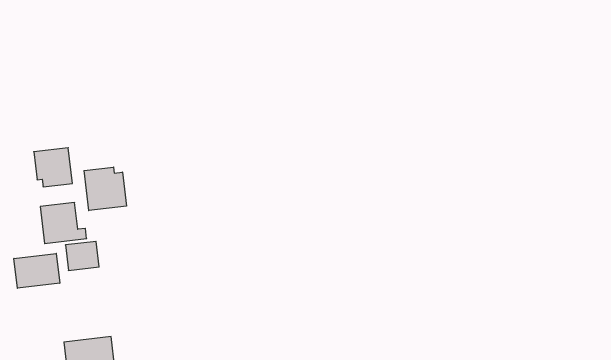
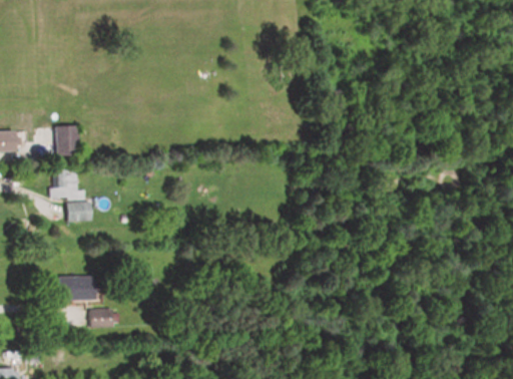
building: [84,167,126,211] -> none
building: [14,253,60,288] -> none

